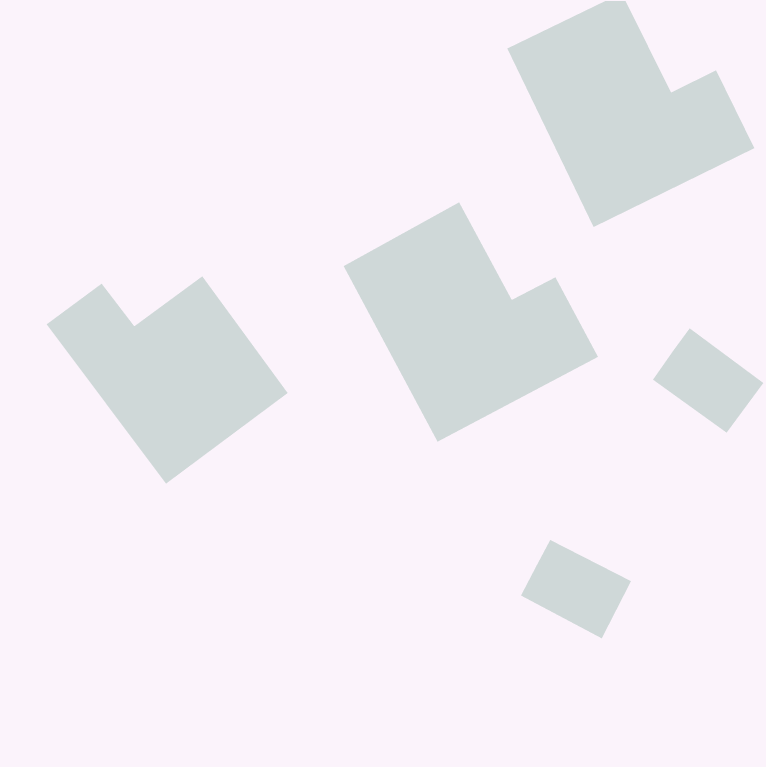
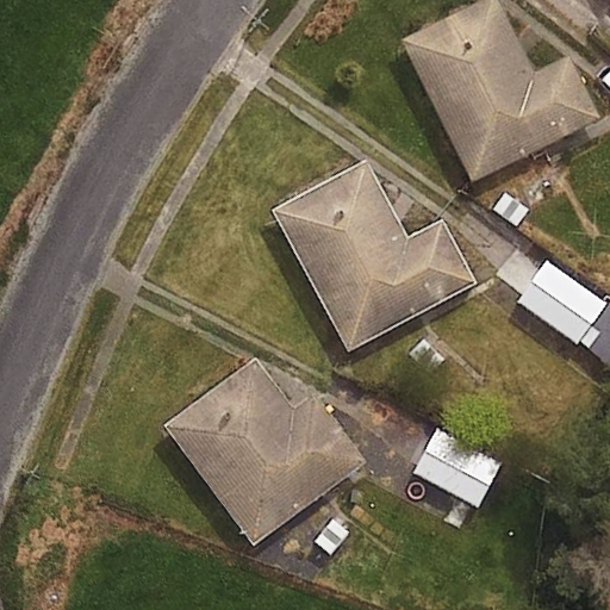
building: [45,275,289,485] -> none
building: none -> [164,357,365,546]

